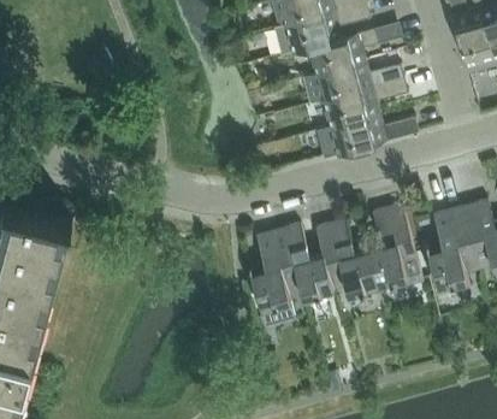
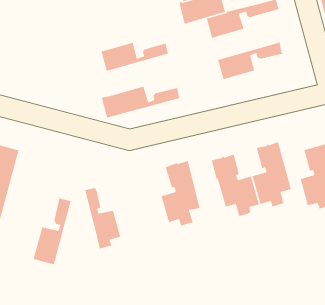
building: [318,60,406,100] -> [101,41,169,72]
building: [318,113,420,157] -> [101,84,181,118]
building: [288,224,337,305] -> [84,186,123,250]
building: none -> [33,196,72,265]

